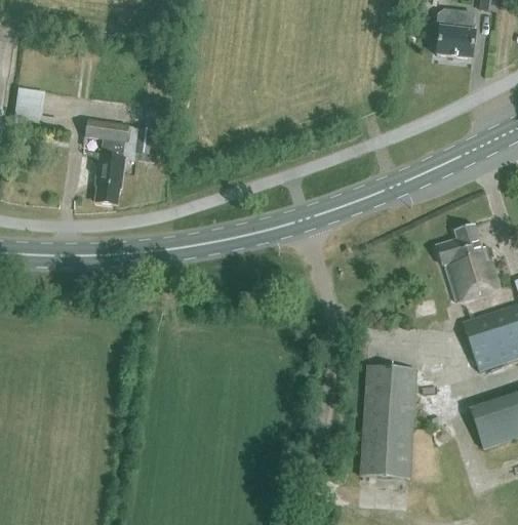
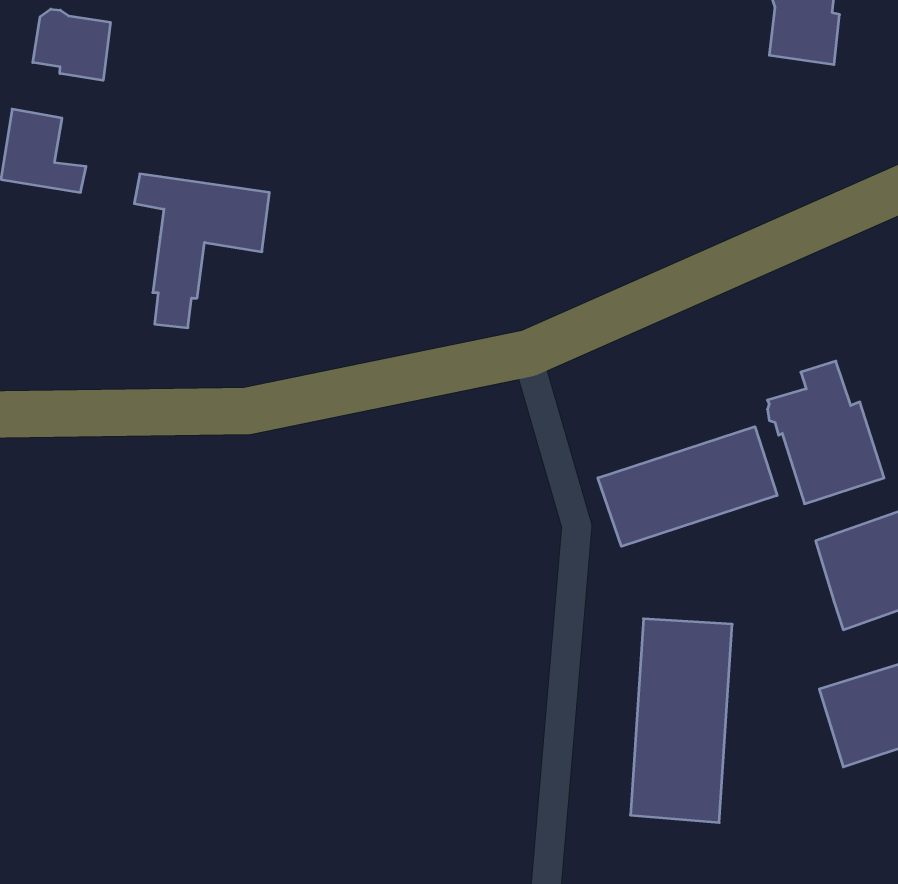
building: none -> [33,9,110,80]
building: none -> [598,427,777,546]

